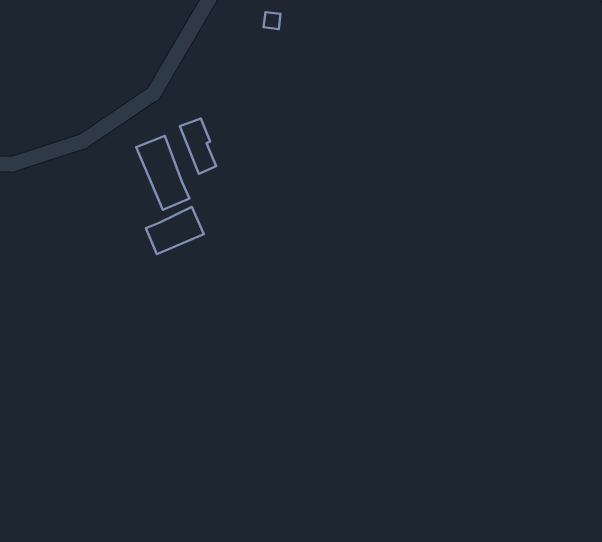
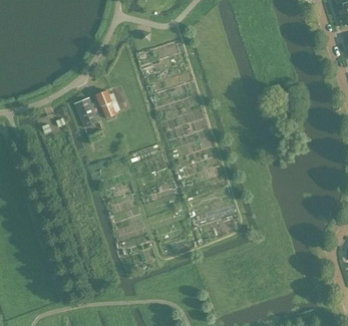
building: [146,207,204,254] -> none

